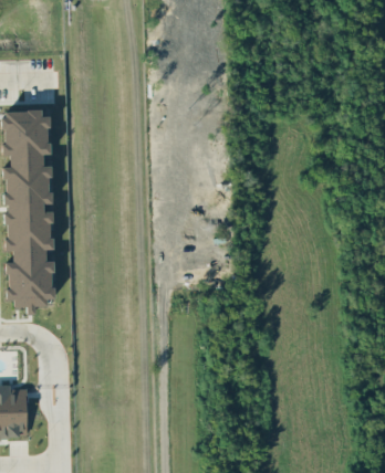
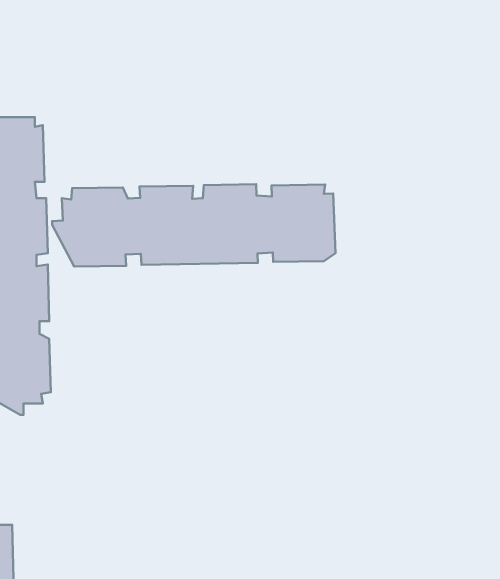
building: none -> [52,184,336,267]

